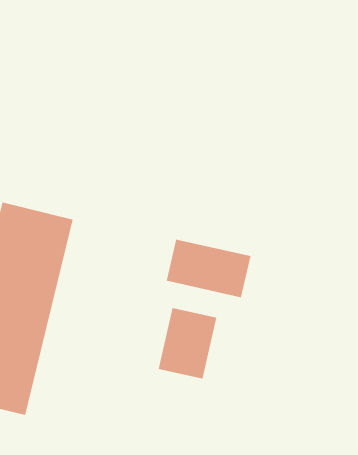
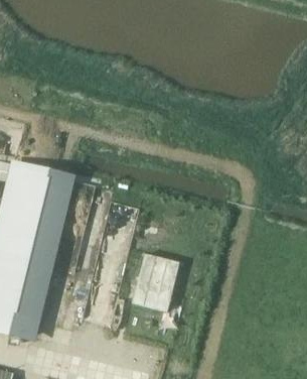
building: [166,239,251,298] -> none

